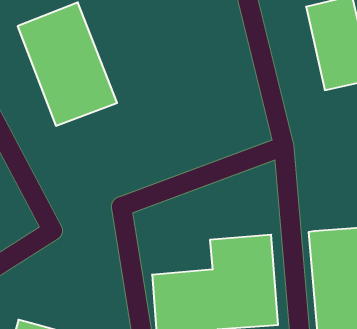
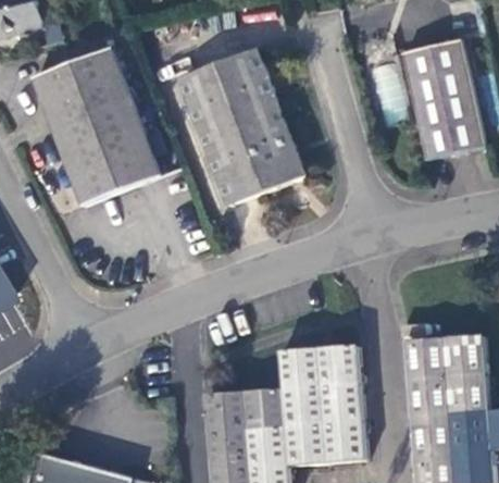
building: none -> [182,49,305,205]

